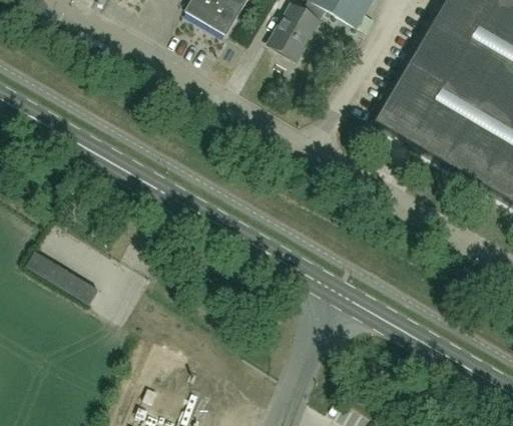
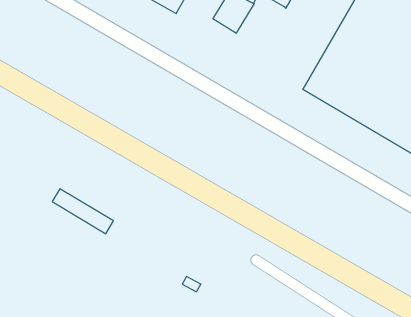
building: [26,251,98,304] -> [52,189,113,234]

